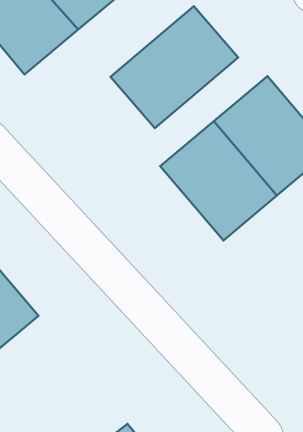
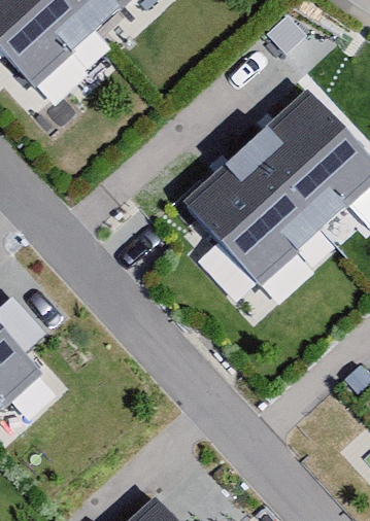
building: [111,6,238,128] -> none

